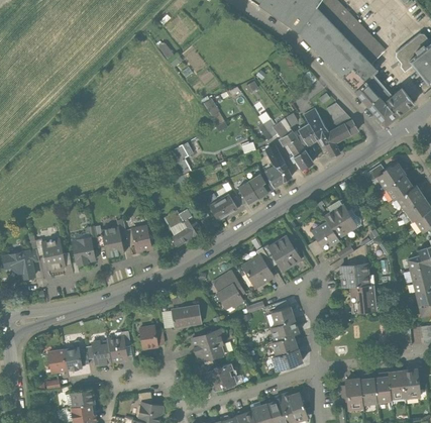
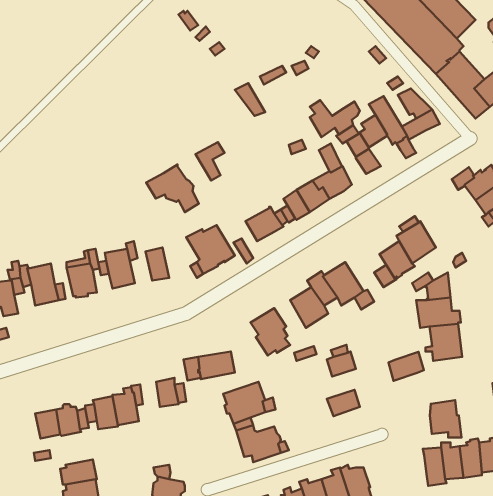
building: none -> [146,164,199,212]
building: [271,318,298,340] -> [388,352,424,381]
building: none -> [430,400,462,437]
building: [273,347,302,369] -> none

